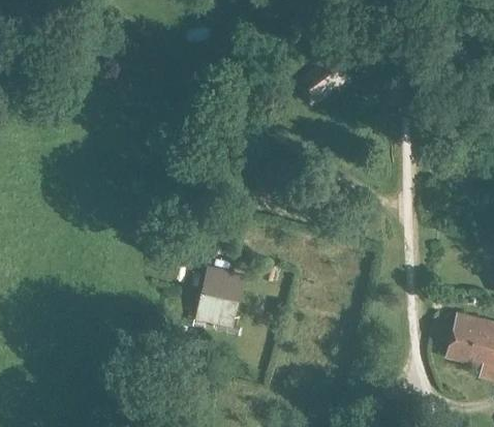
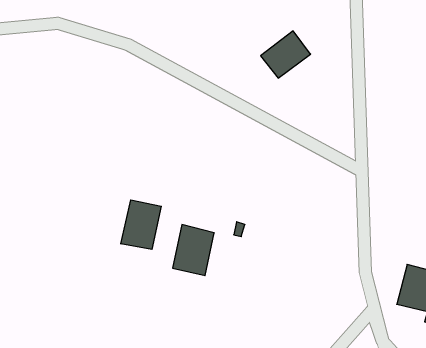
building: none -> [121,200,161,249]

